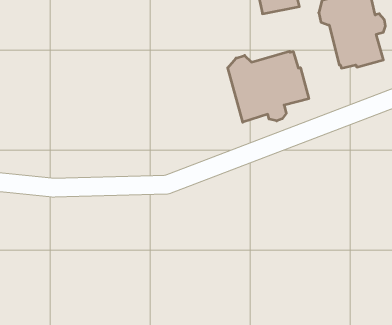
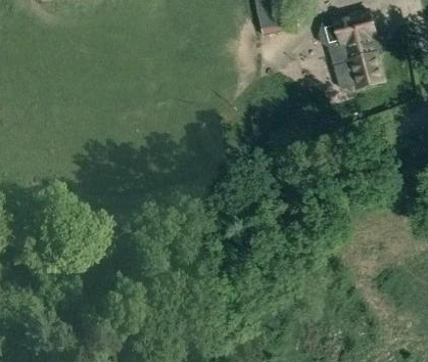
building: [228,51,309,122] -> none

